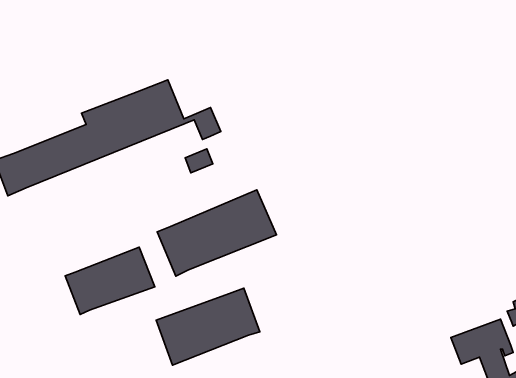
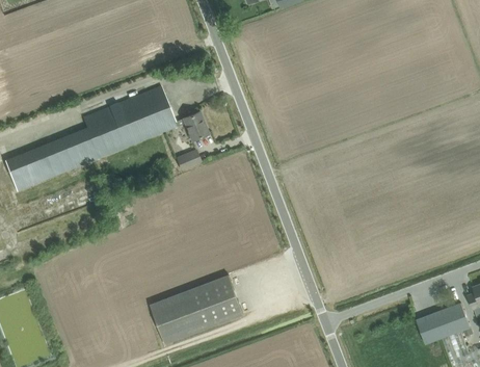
building: [157,190,276,276] -> none
building: [65,247,155,314] -> none

